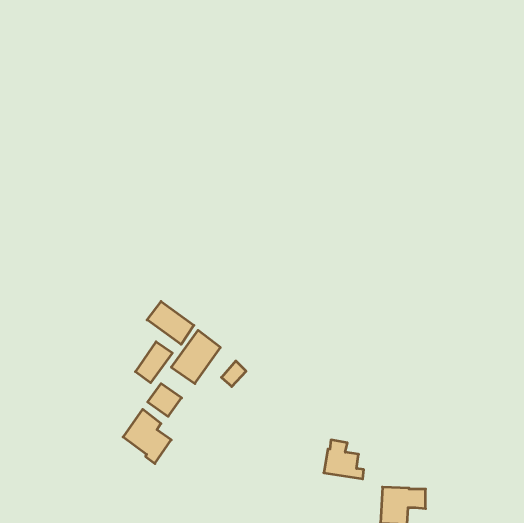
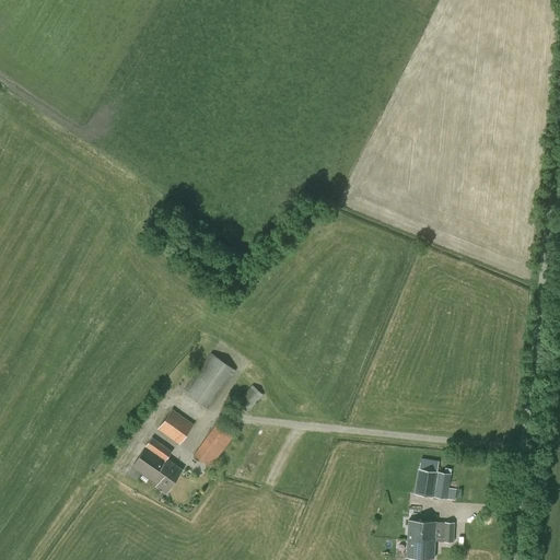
building: [147,301,194,344] -> none
building: [135,342,172,383] -> [194,424,233,468]
building: [324,440,364,479] -> [413,459,456,501]

